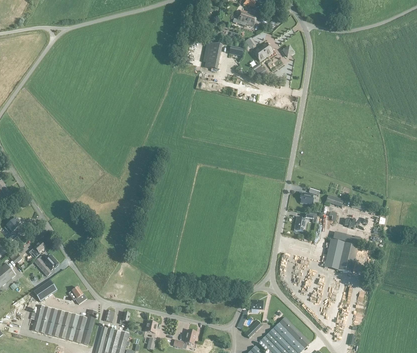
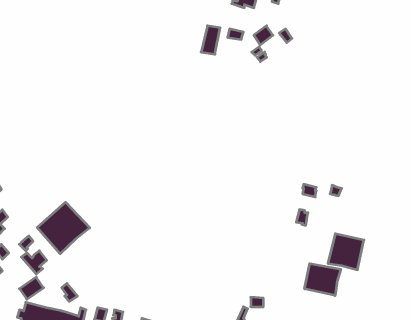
building: none -> [37,202,90,254]
building: none -> [305,264,341,296]

